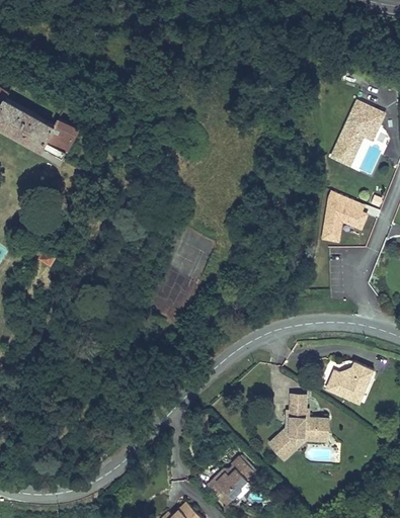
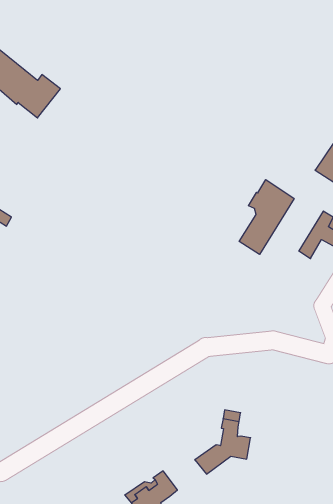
building: none -> [239,180,294,254]
building: [320,367,369,409] -> none
building: [276,416,322,458] -> none

